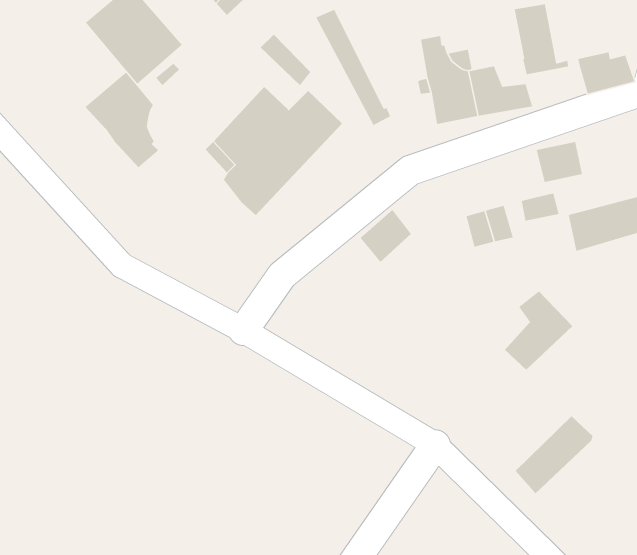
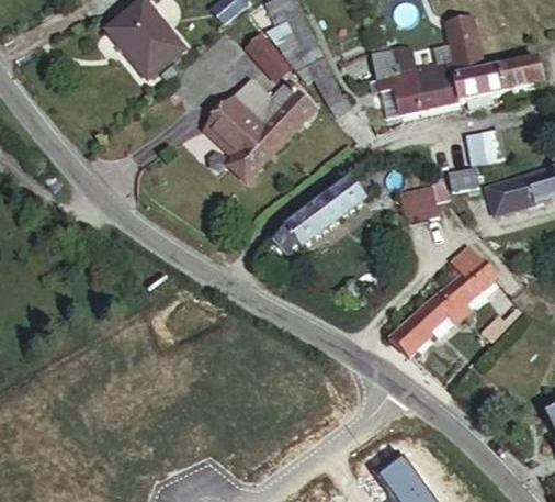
building: none -> [431,59,505,98]
building: [85,72,159,168] -> none
building: none -> [279,202,340,257]
building: [515,416,593,494] -> [394,291,456,354]

